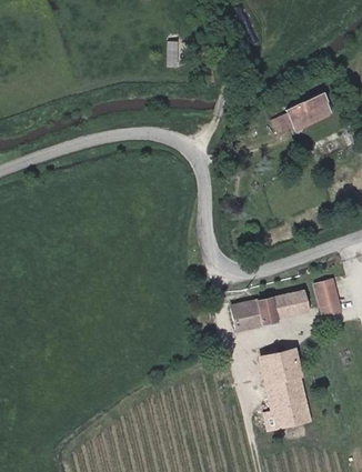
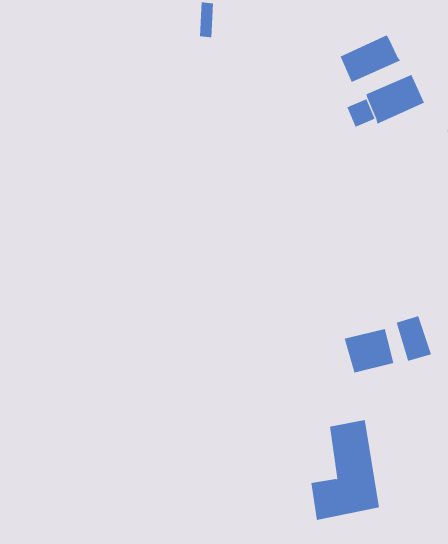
building: none -> [340,35,401,83]
building: [231,294,282,333] -> none

